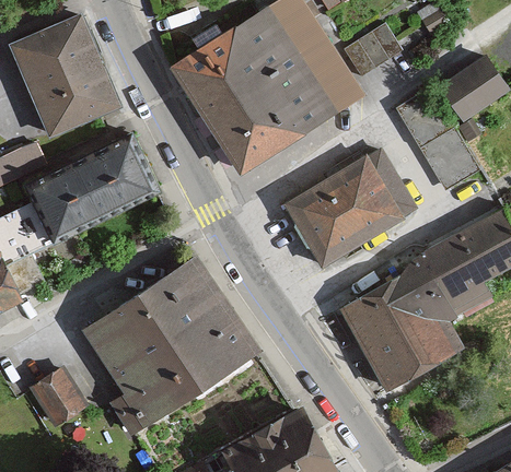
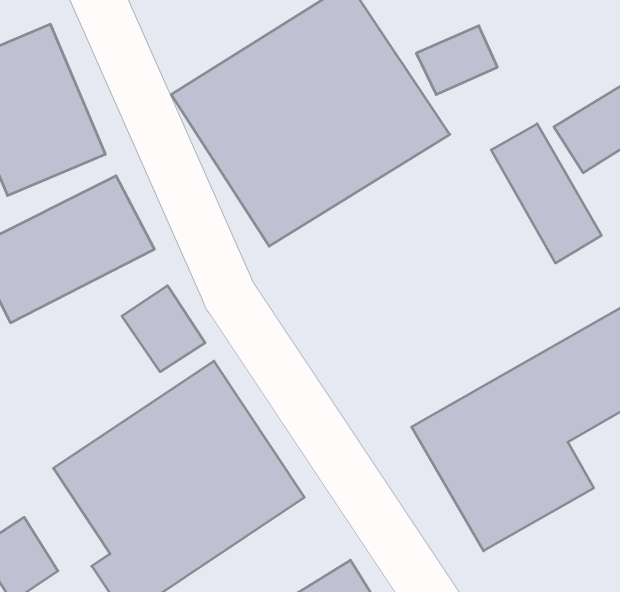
building: [280,144,415,268] -> none
building: none -> [122,286,205,372]

